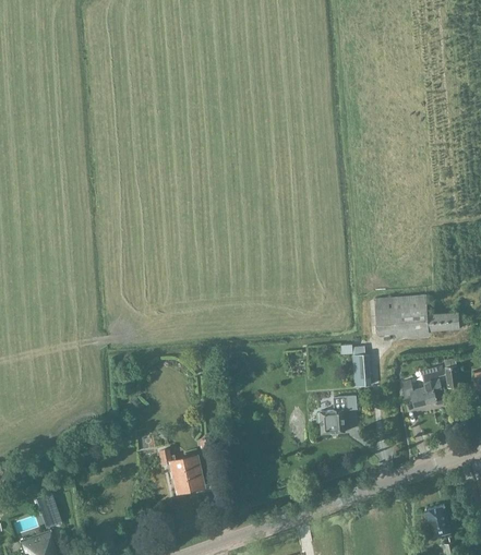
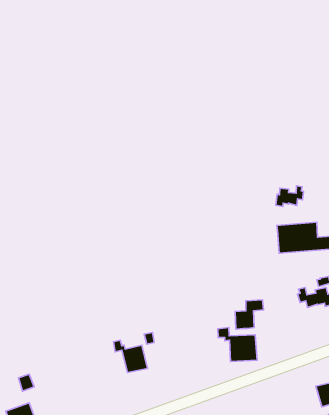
building: none -> [276,186,303,207]
building: [351,345,371,388] -> none
building: none -> [218,327,257,362]

